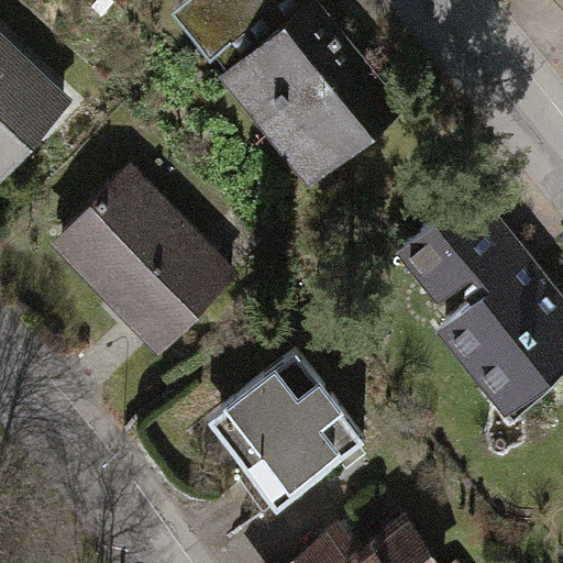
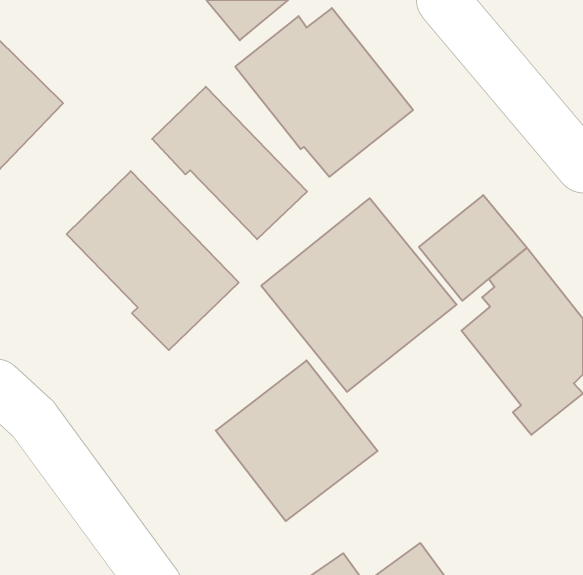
building: none -> [152,87,307,239]
building: none -> [261,198,457,392]

